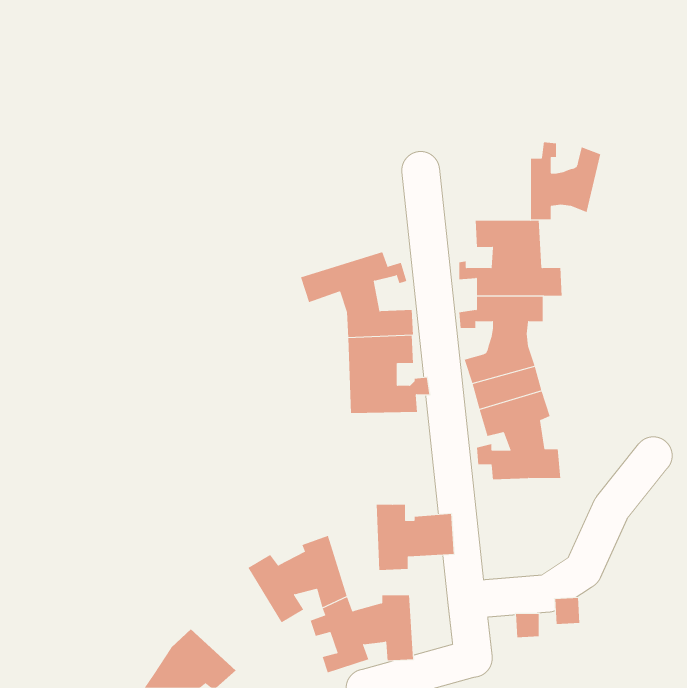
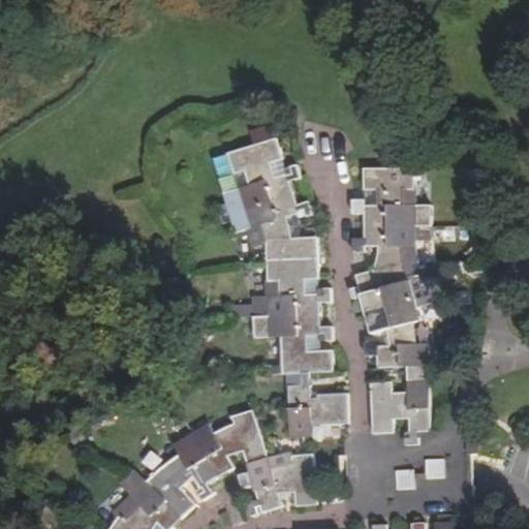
building: [531,141,601,220] -> none
building: none -> [222,137,299,212]
building: none -> [252,315,333,385]
building: none -> [370,366,431,445]
building: none -> [146,434,215,514]

